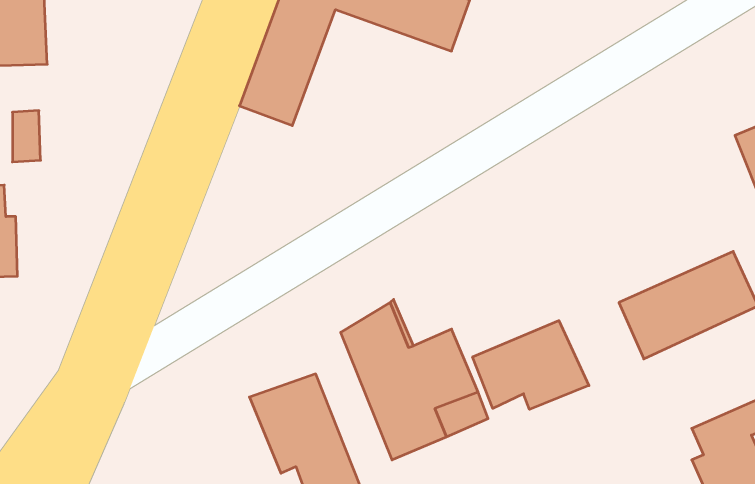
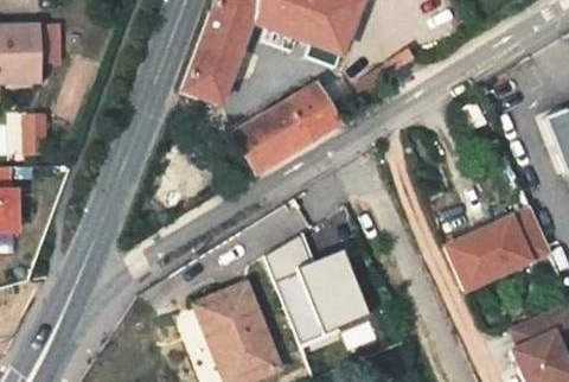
building: none -> [244,96,344,179]
building: [473,321,589,409] -> none

